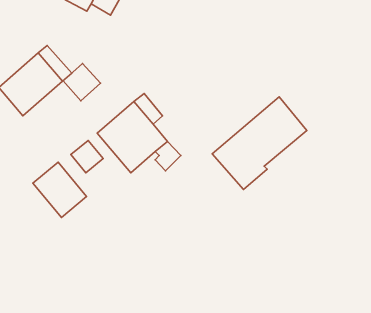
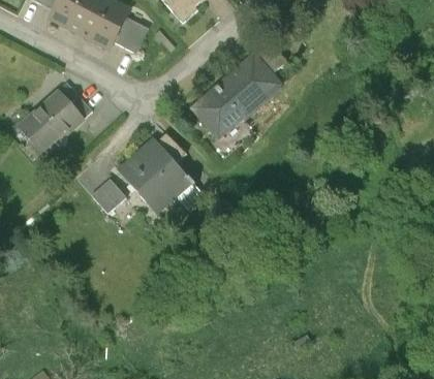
building: [63,63,100,101] -> none
building: [212,97,307,189] -> [187,52,283,146]
building: [33,162,87,218] -> none

